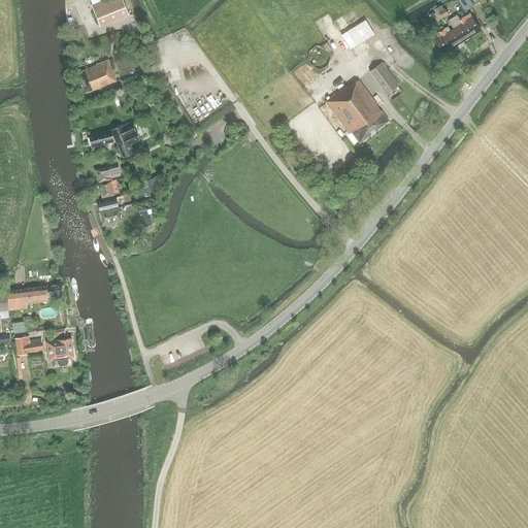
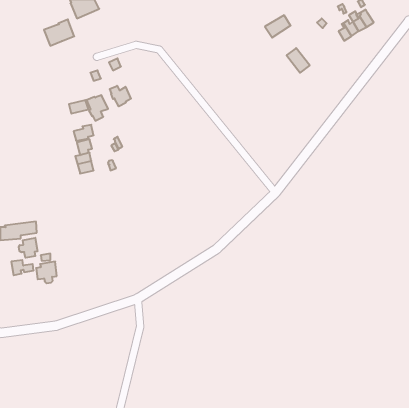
building: [77,59,117,93] -> [44,19,74,46]
building: [326,79,389,142] -> none
building: none -> [110,86,131,106]
building: none -> [19,238,37,258]

